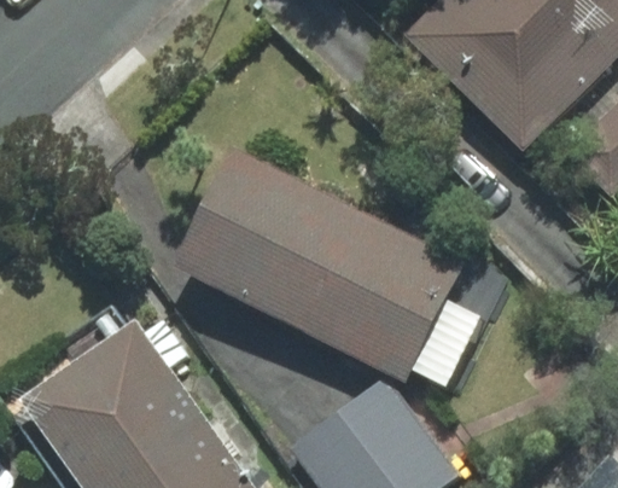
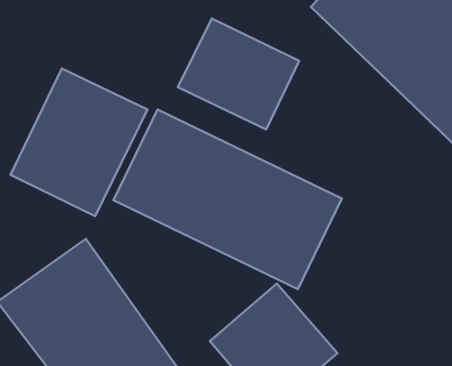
building: none -> [178,19,299,129]
building: none -> [10,68,148,216]

